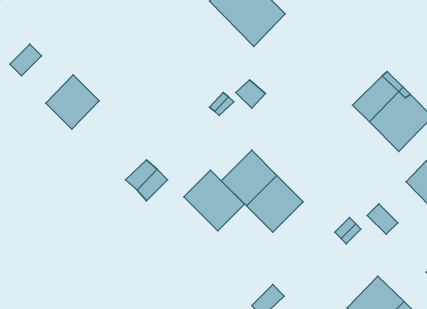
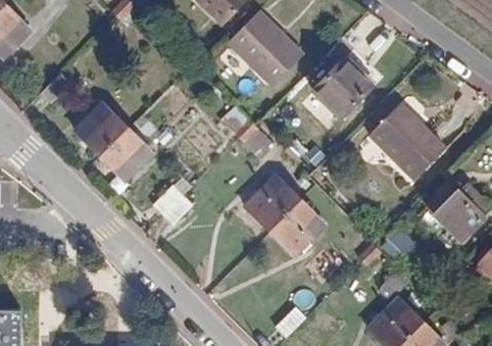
building: none -> [310,58,373,120]
building: none -> [99,129,151,181]
building: [184,170,245,231] -> none

